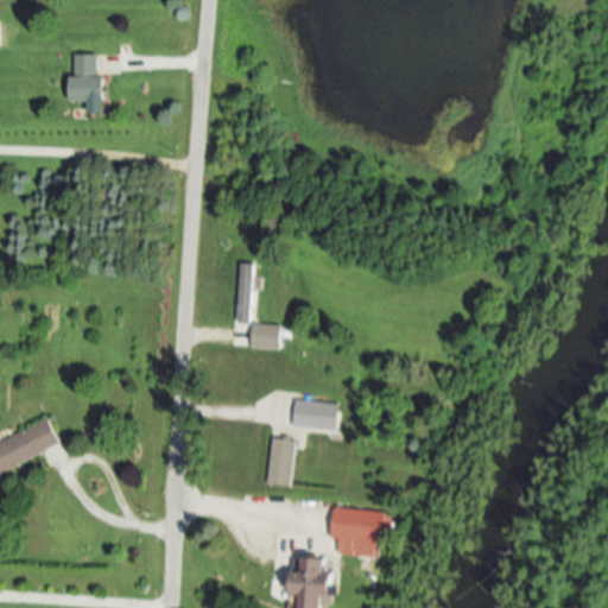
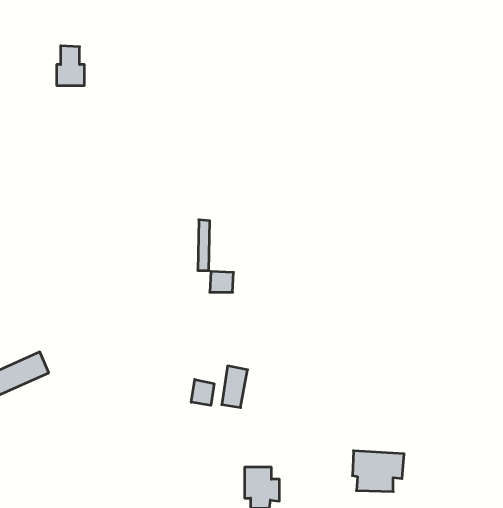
building: [291,400,336,431] -> none
building: none -> [191,379,214,405]
building: [331,508,393,557] -> [352,451,404,492]

